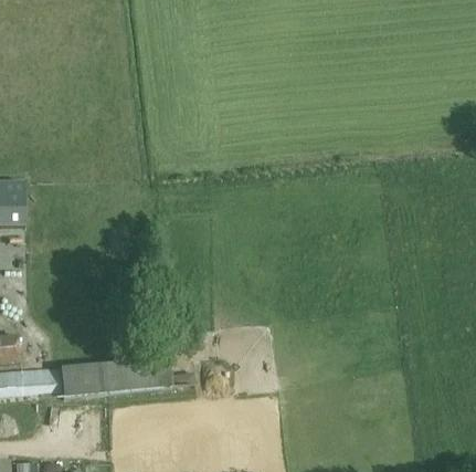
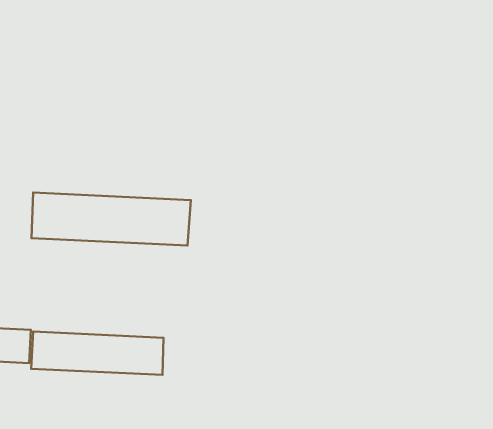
building: none -> [31,193,191,246]

